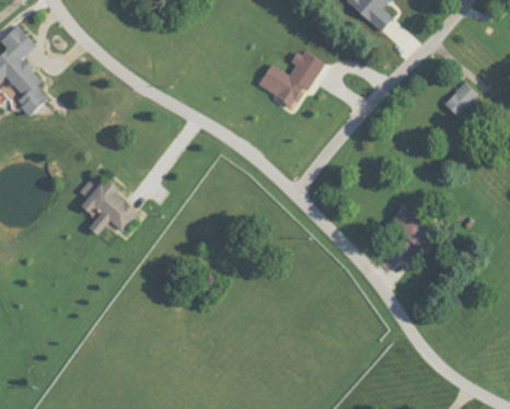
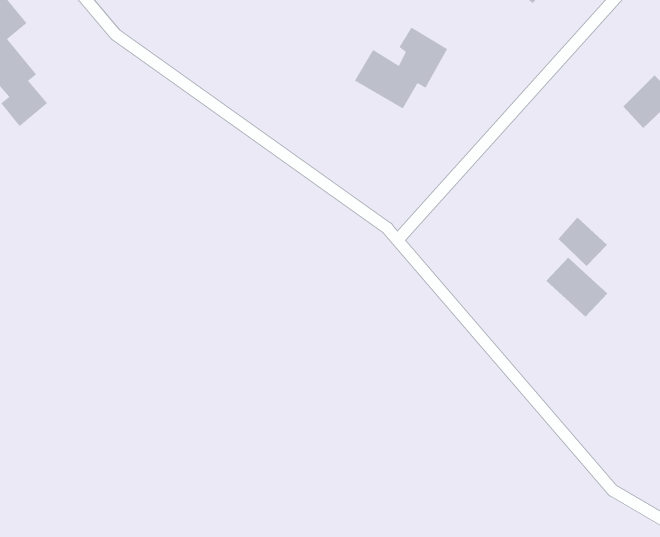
building: [77,177,139,235] -> none
building: none -> [557,217,608,267]

